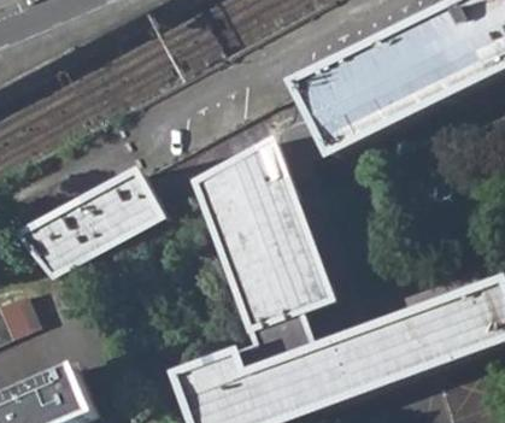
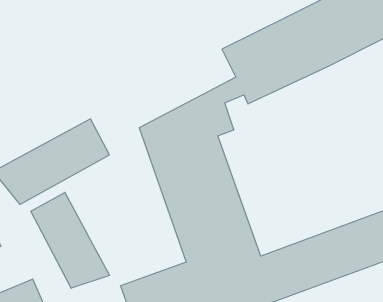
building: none -> [31,192,110,288]

